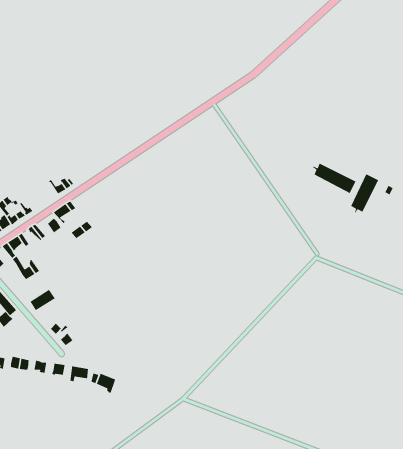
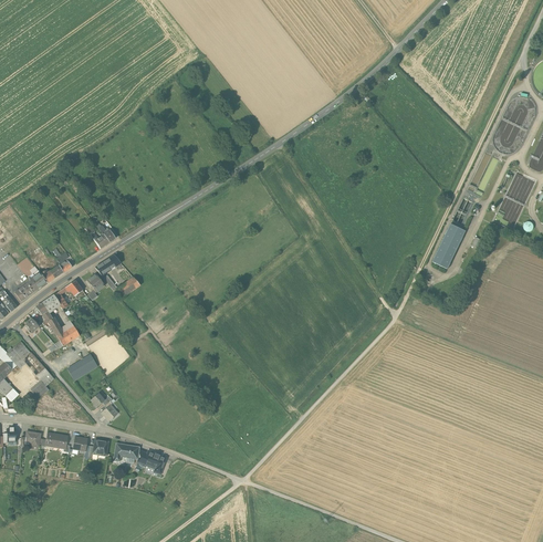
building: [312,163,357,194] -> none

